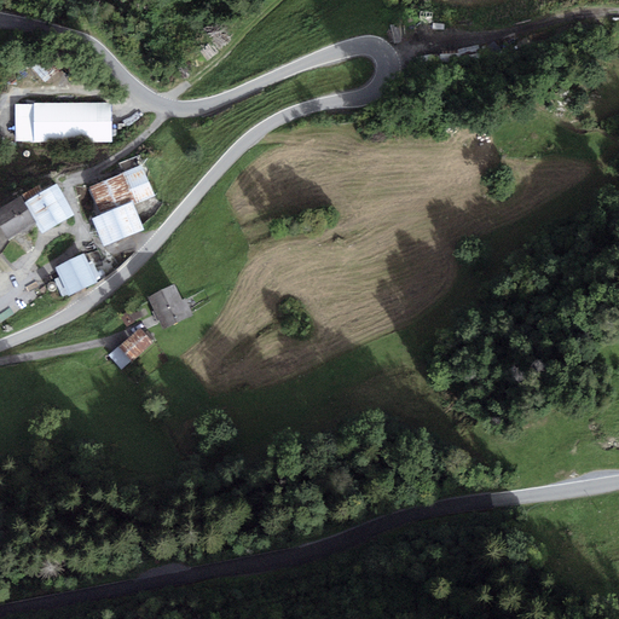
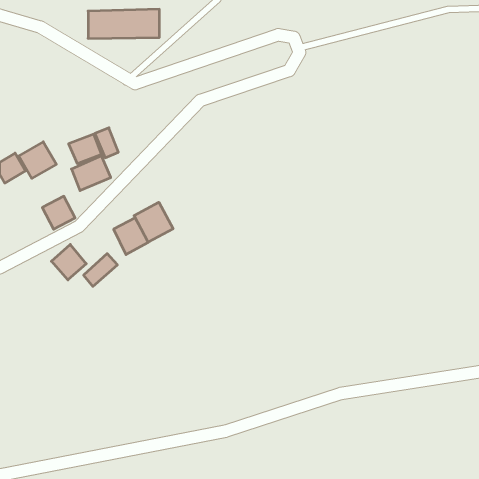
building: [17,105,109,143] -> [88,9,159,38]
building: none -> [134,202,173,242]
building: none -> [51,244,86,280]

